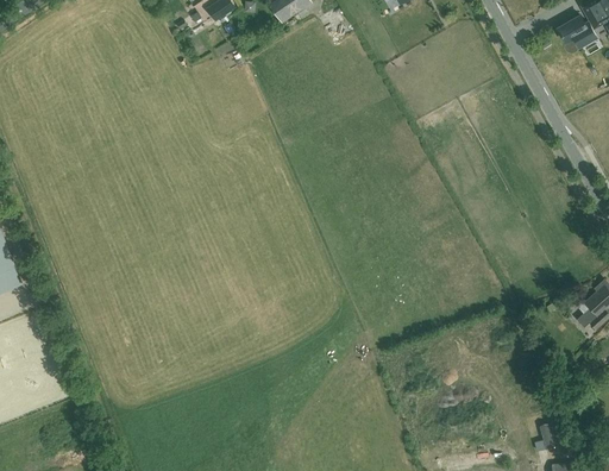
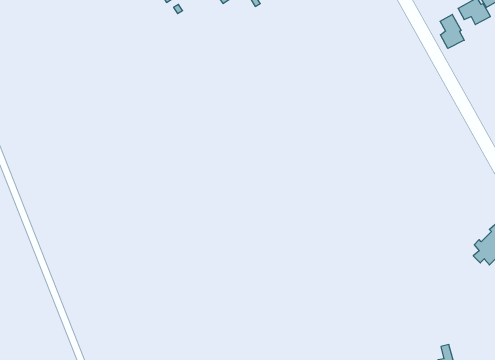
building: none -> [440,14,464,48]

